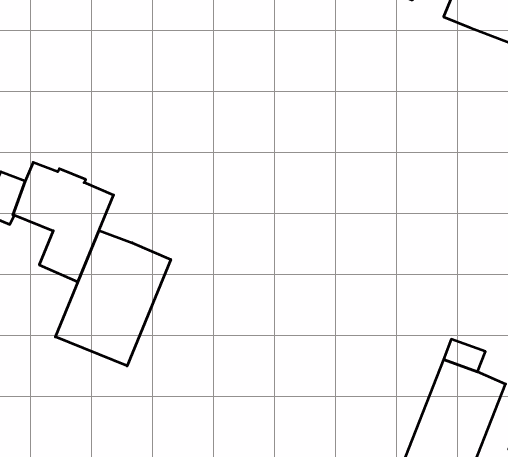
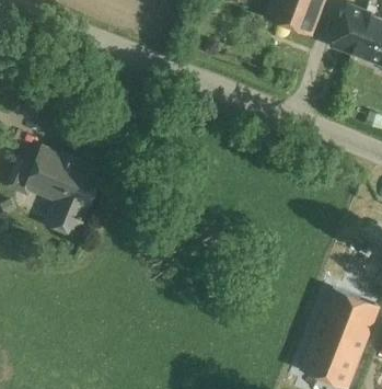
building: [55,230,171,366] -> none

